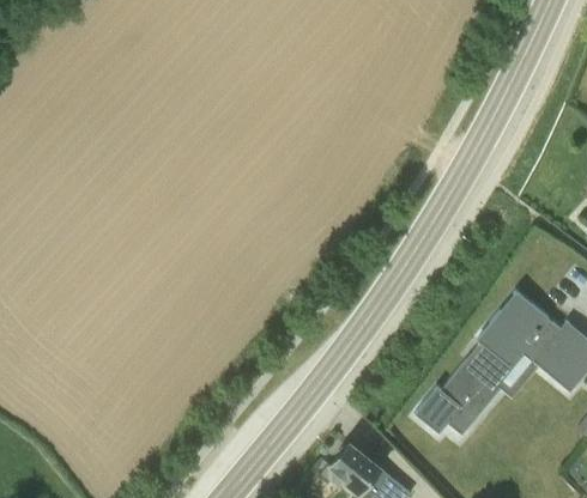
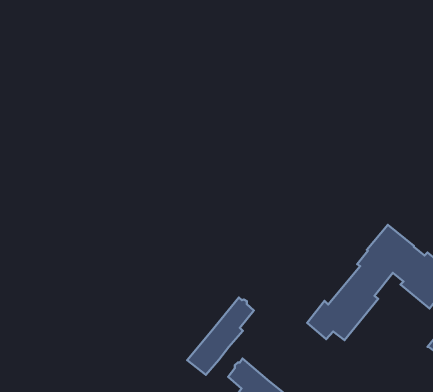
building: none -> [187,297,254,375]

